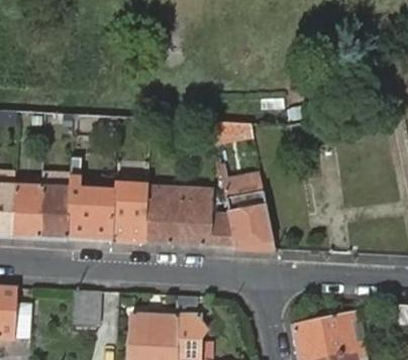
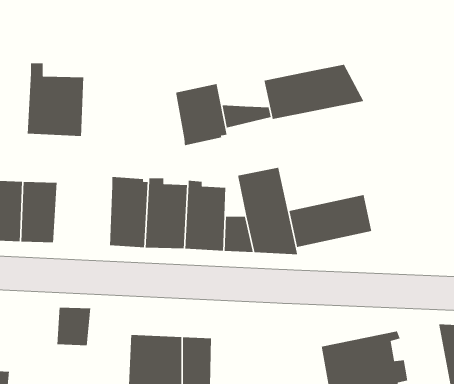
building: none -> [264,64,365,120]
building: none -> [175,83,228,146]
building: [68,176,116,239] -> [27,63,84,137]
building: none -> [288,194,372,248]

